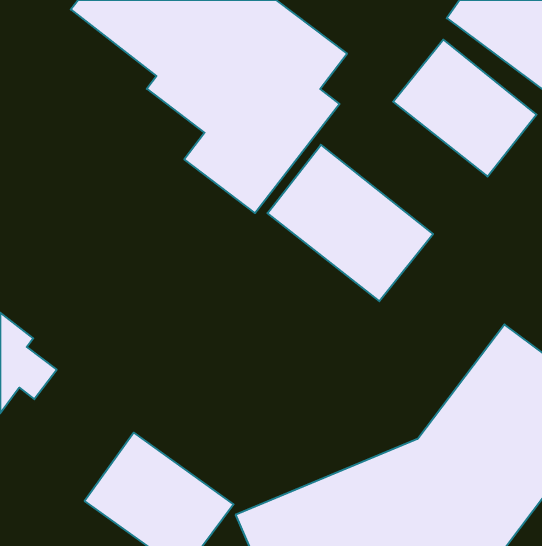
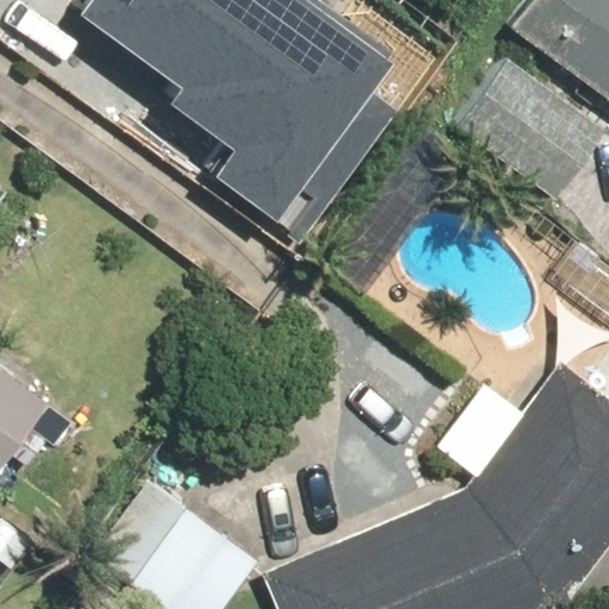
building: [267,145,433,301] -> none

